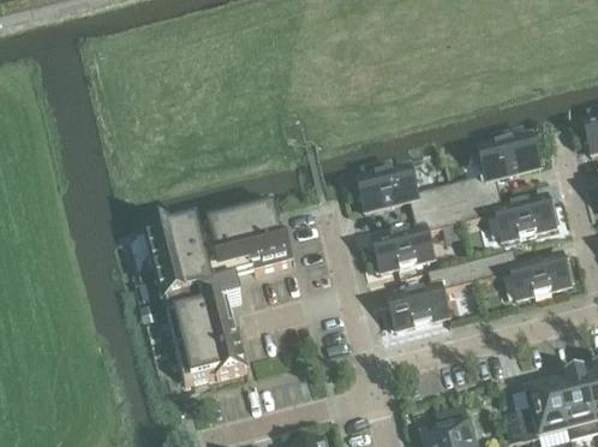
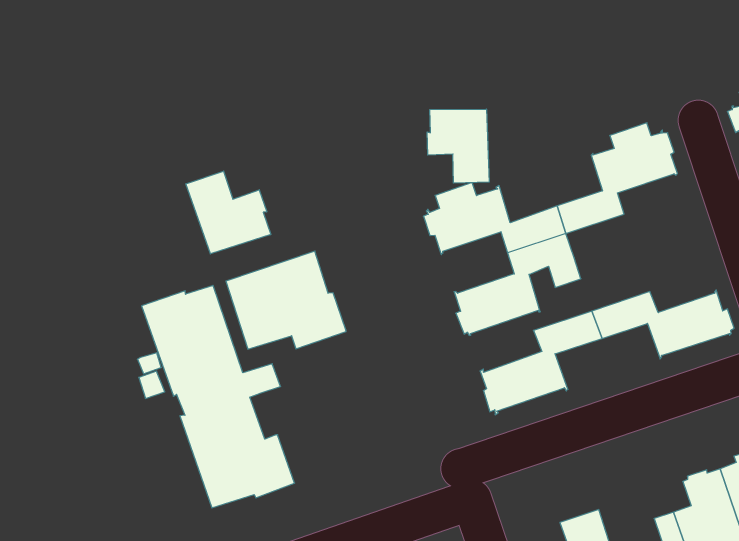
building: none -> [427,109,489,183]
building: none -> [186,171,271,254]
building: [456,192,558,239] -> none

